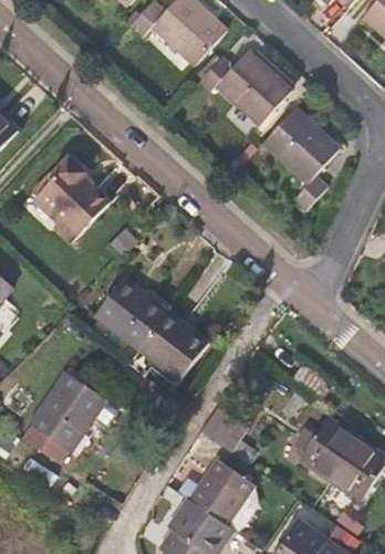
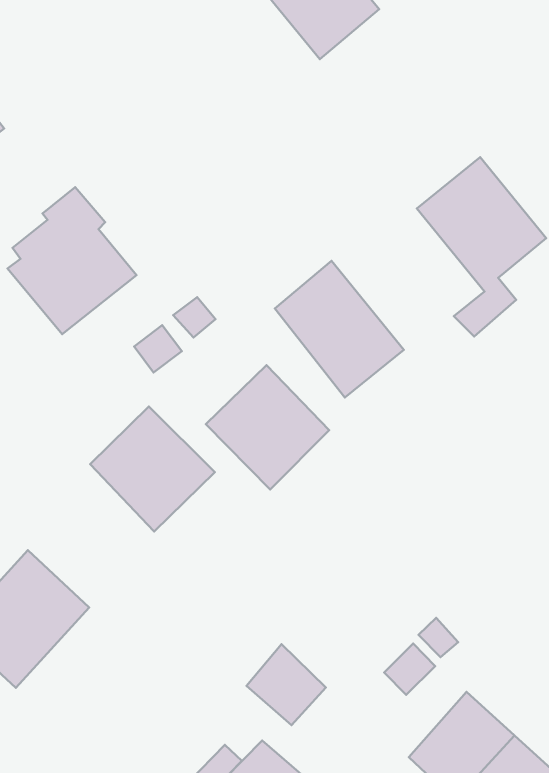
building: [198,52,289,125] -> none
building: none -> [275,261,404,398]
building: [137,310,208,380] -> [206,365,329,490]

